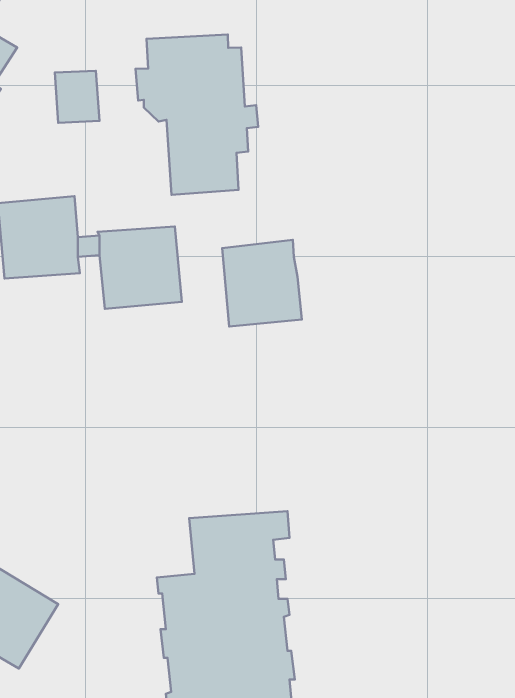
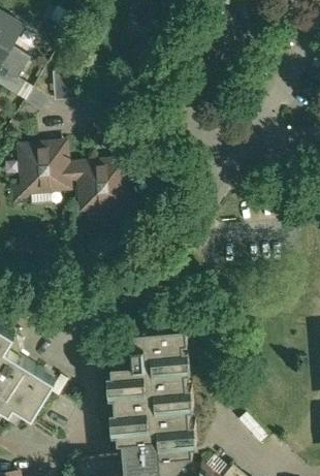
building: [135,34,258,195] -> none
building: [222,240,302,326] -> none

